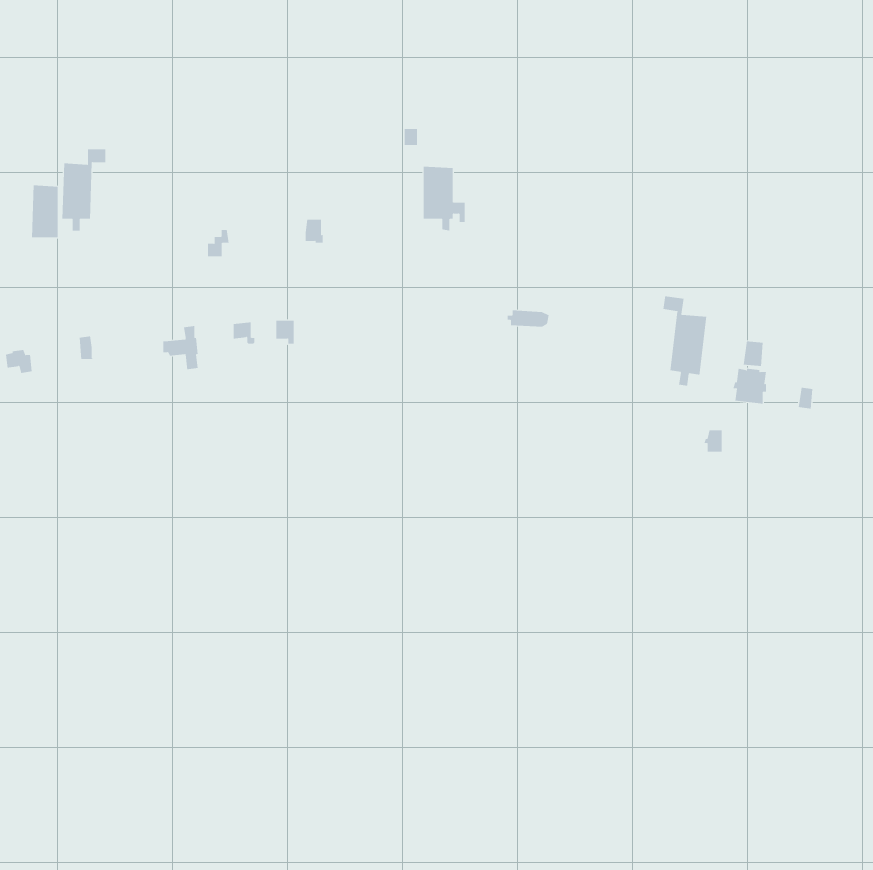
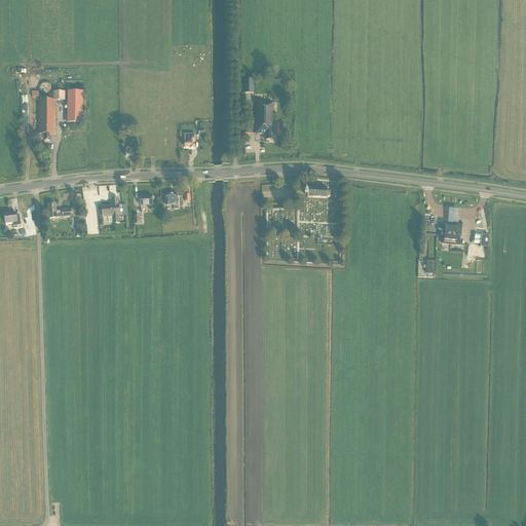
building: [31,185,59,238] -> [66,88,82,120]
building: [663,295,707,386] -> none

